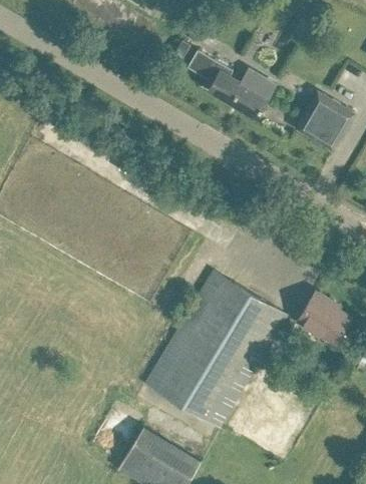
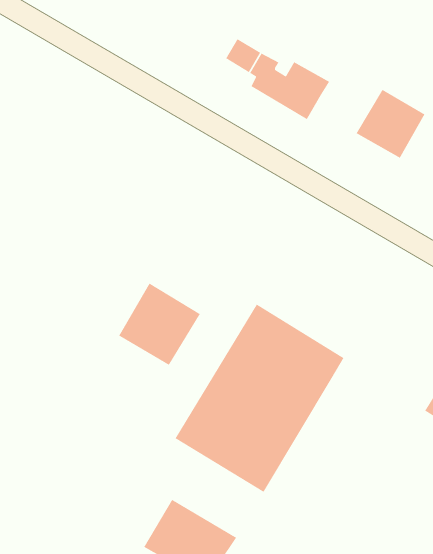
building: none -> [118,283,201,366]
building: [299,291,351,343] -> none

